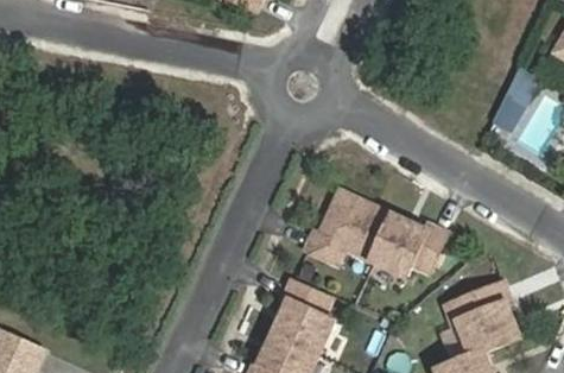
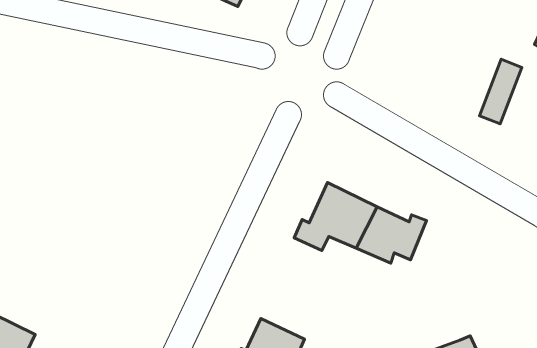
building: [448,280,522,355] -> none
building: [271,284,328,354] -> none

